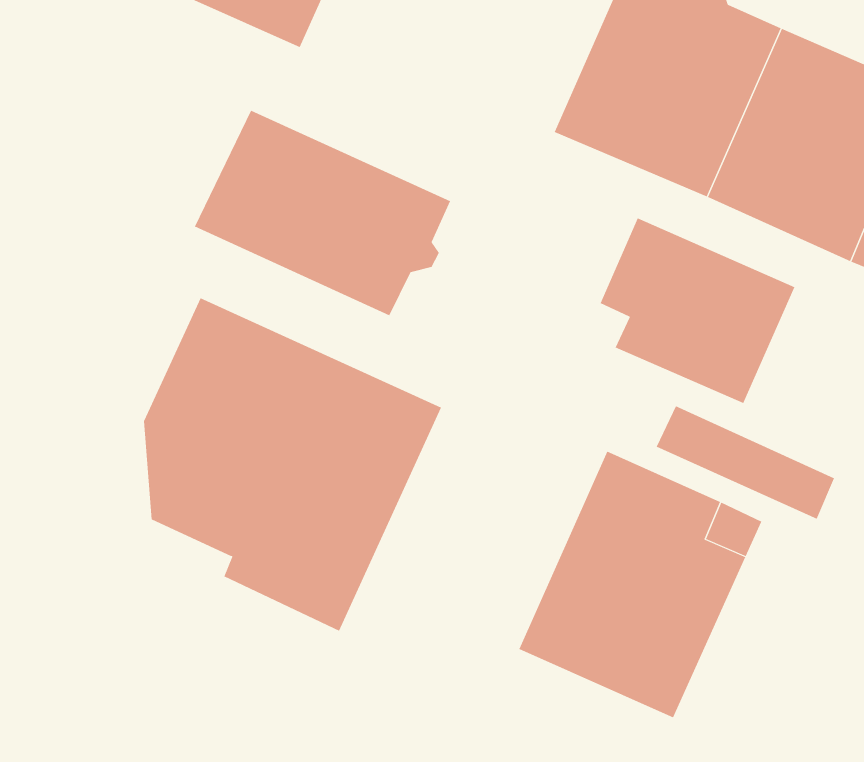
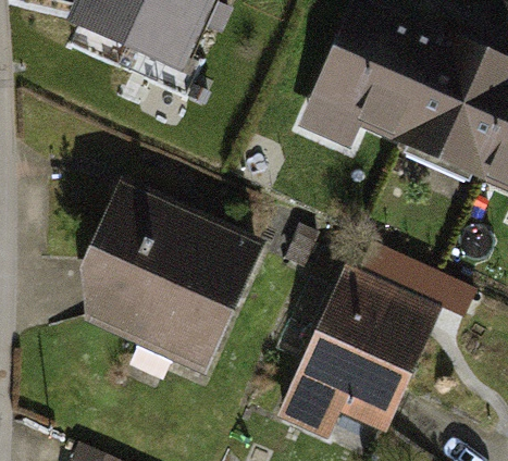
building: [194,110,451,316] -> none
building: [600,217,795,404] -> none

